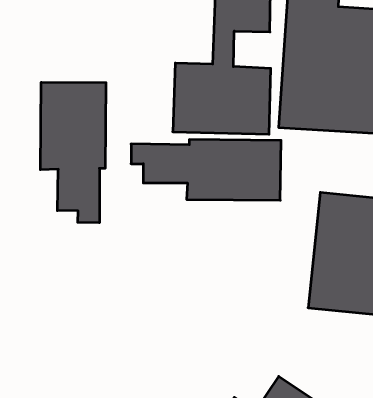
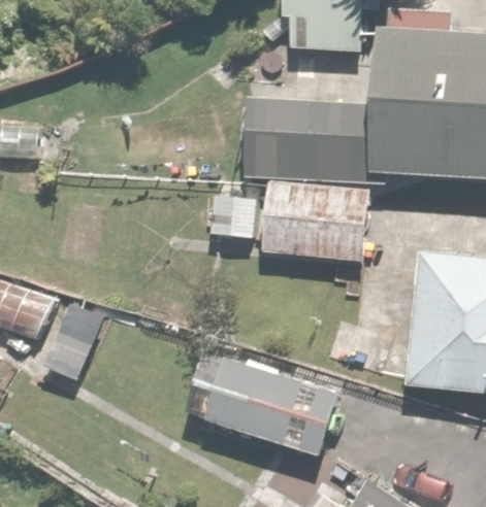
building: [40,82,106,223] -> none
building: none -> [186,349,316,451]

